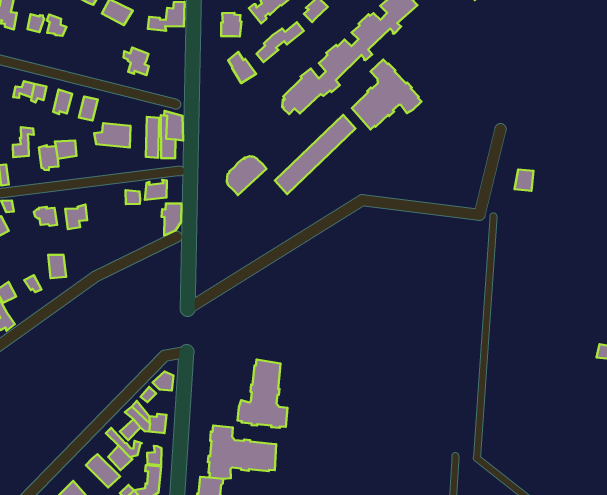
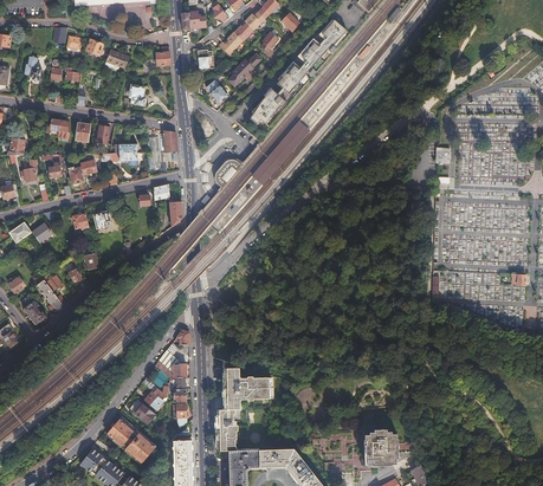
building: [352,59,421,129] -> none
building: [237,360,288,428] -> none

